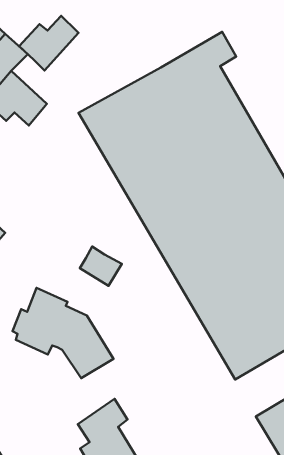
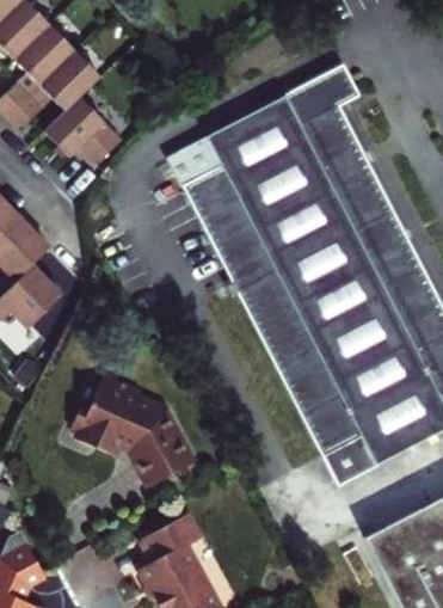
building: [19,16,79,71] -> none
building: [80,247,122,286] -> none

